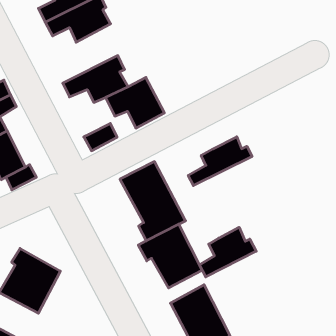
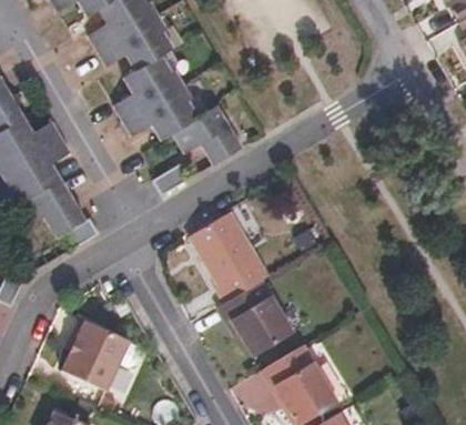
building: none -> [112,55,183,121]
building: [188,137,252,186] -> none
building: [199,227,256,277] -> none

